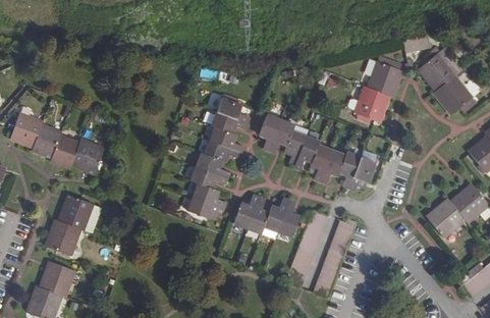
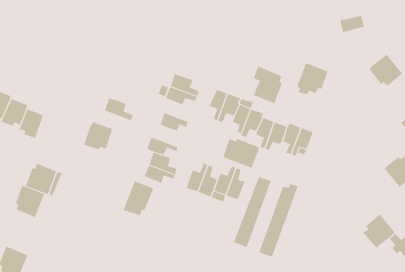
building: [421,52,456,90] -> none
building: [367,55,401,96] -> none
building: none -> [253,66,282,104]
building: [210,125,241,151] -> none
building: [70,140,103,171] -> [83,121,113,150]
building: [196,152,228,177] -> [104,97,134,121]
building: none -> [223,138,260,168]
building: [428,199,465,236] -> [362,214,396,248]
building: none -> [123,180,154,216]
building: [40,262,74,297] -> none

